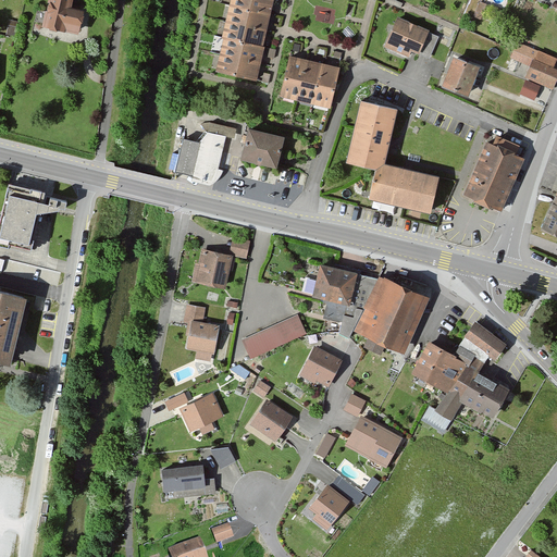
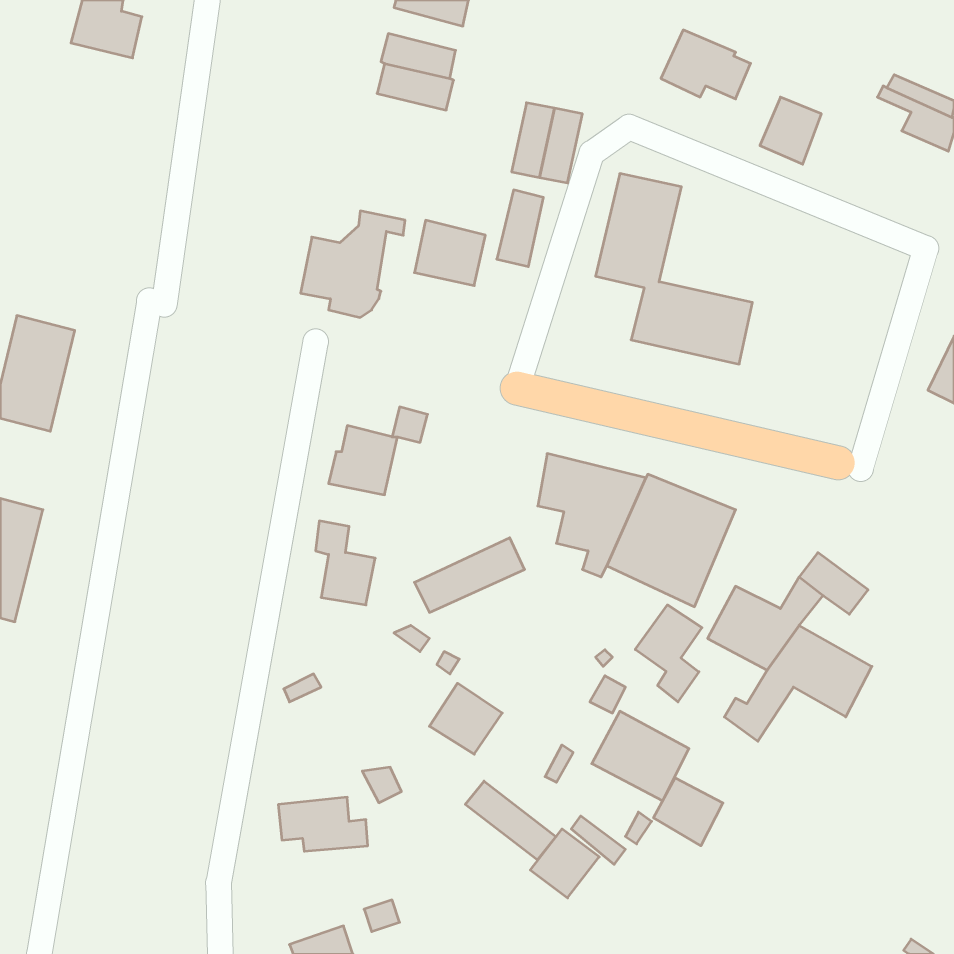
building: [226,4,270,29] -> none
building: [215,54,260,81] -> none
building: [280,55,307,100] -> [497,190,543,267]
building: [462,136,523,210] -> none
building: [299,346,342,385] -> none
building: none -> [635,605,702,702]
building: [180,392,223,430] -> none
building: none -> [654,778,723,846]
building: none -> [465,781,556,860]

